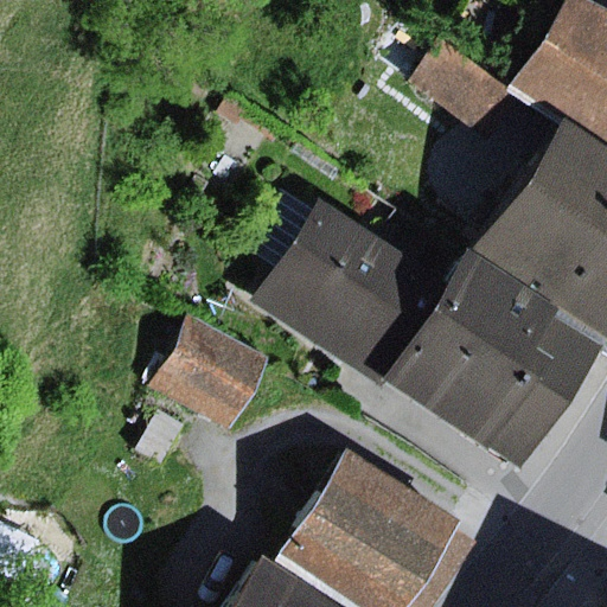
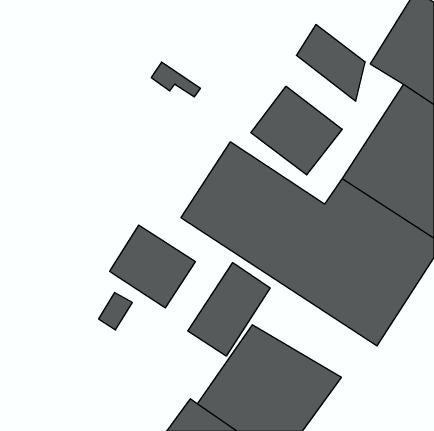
building: none -> [251,86,342,175]
building: none -> [188,263,270,356]

